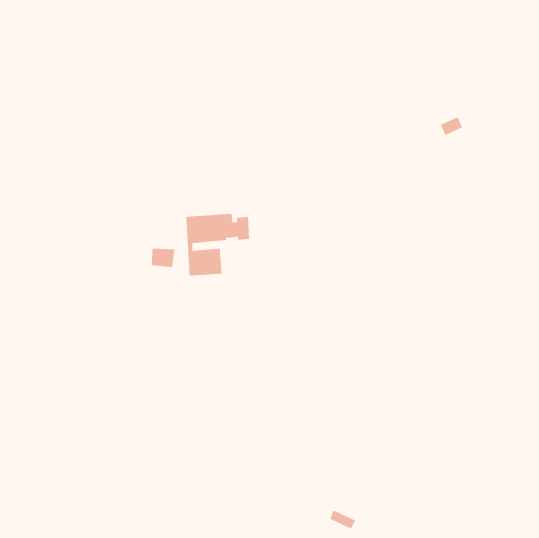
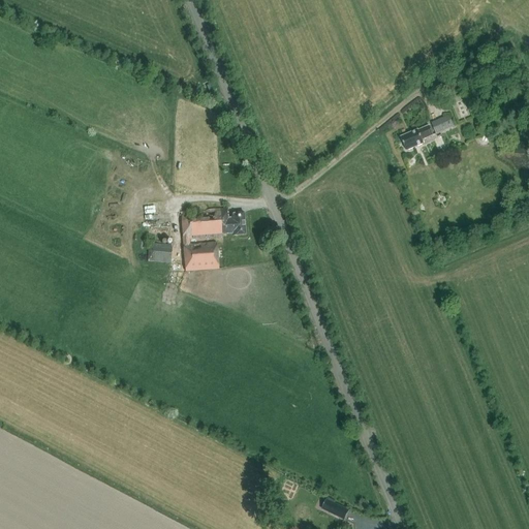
building: none -> [400,125,433,151]

